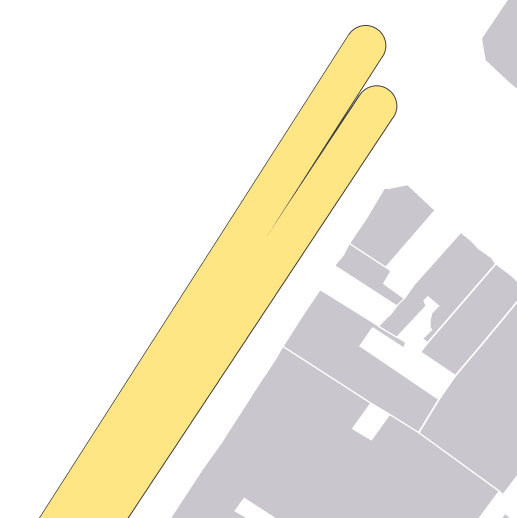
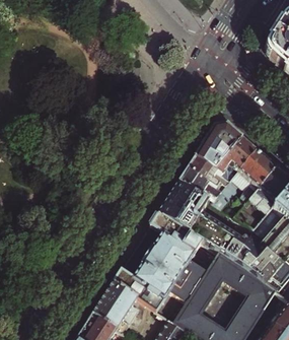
building: none -> [215,139,257,181]
building: none -> [178,169,221,201]

